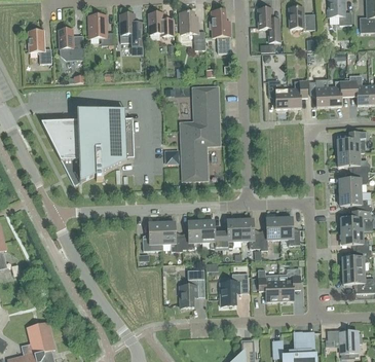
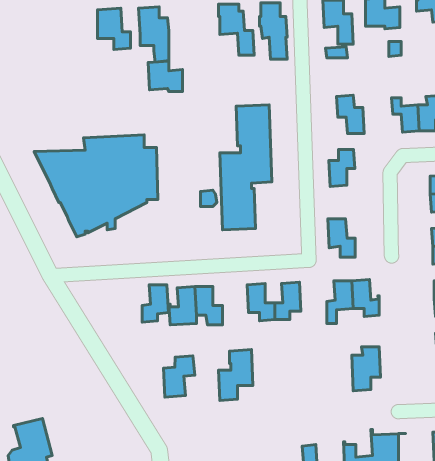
building: [148,12,174,35] -> [148,61,182,91]
building: [59,29,83,61] -> none
building: [28,30,51,63] -> none
building: [287,80,306,108] -> [329,149,355,187]
building: [239,219,260,248] -> [328,219,355,257]
building: [182,221,201,249] -> [142,285,168,322]
building: [257,268,279,300] -> none
building: [219,273,248,305] -> none
building: none -> [163,356,195,397]

